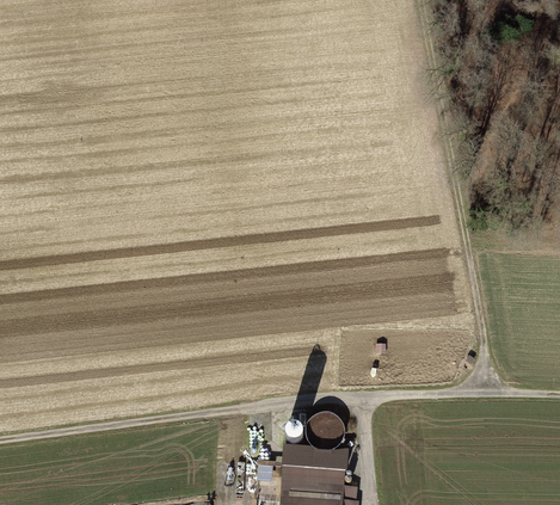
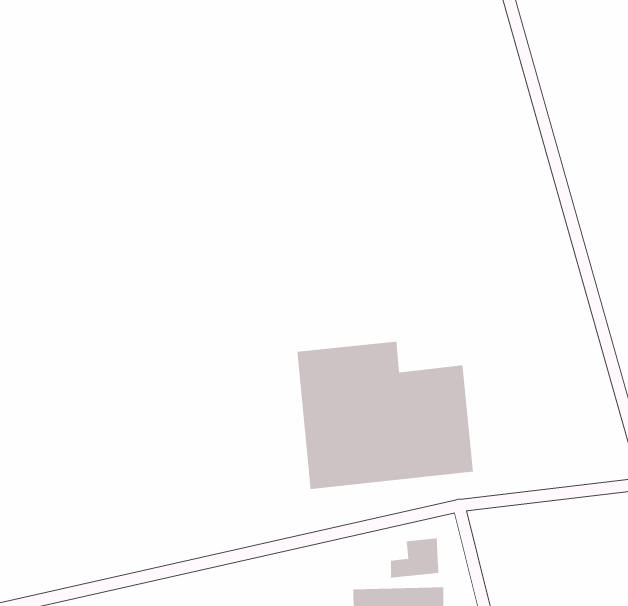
building: none -> [297,341,474,490]

